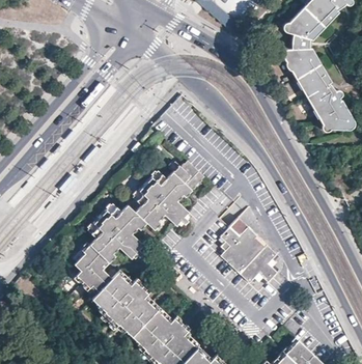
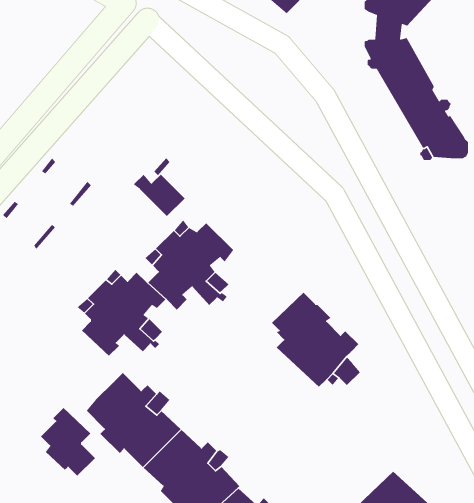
building: [172,163,207,192] -> [133,174,185,217]
building: [77,246,114,292] -> [40,407,96,477]

